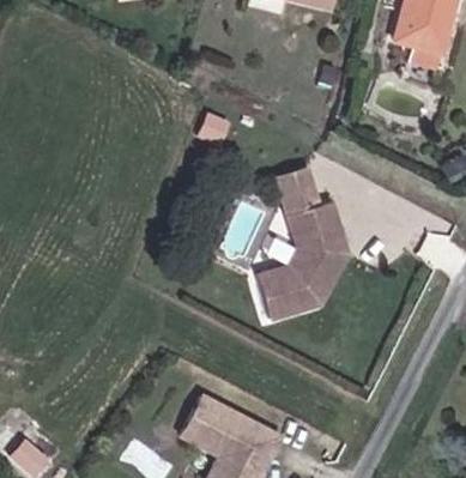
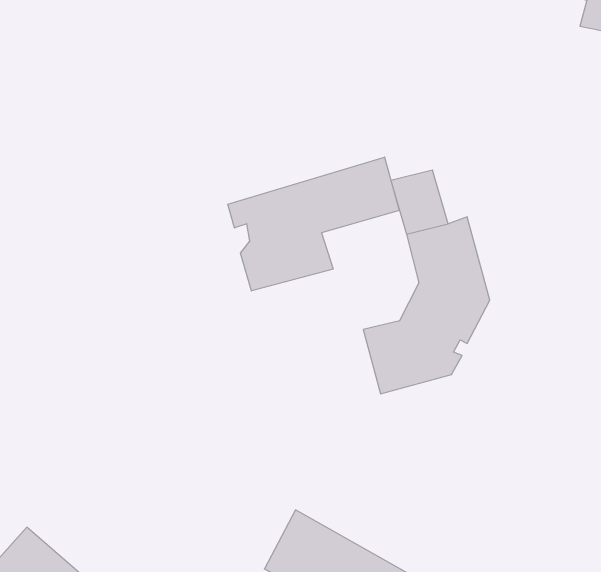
building: none -> [228,157,399,291]

